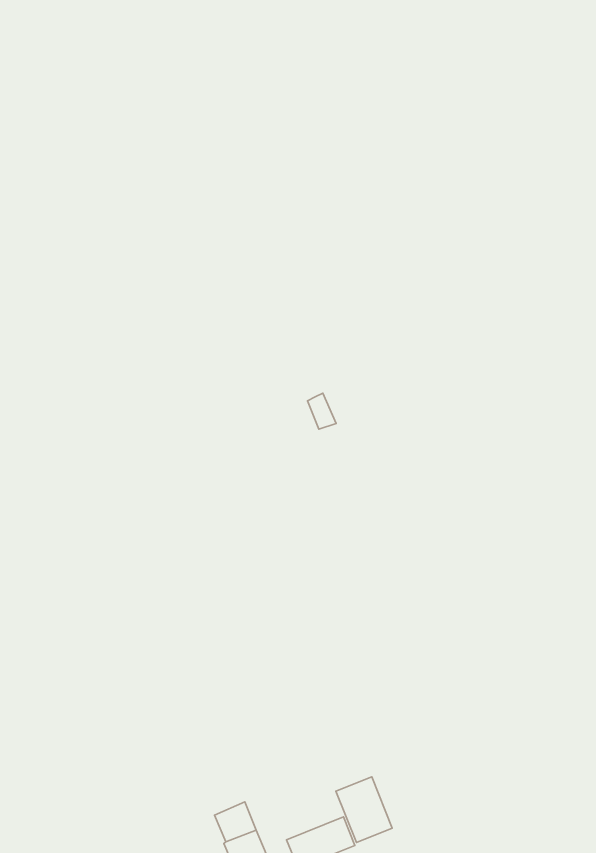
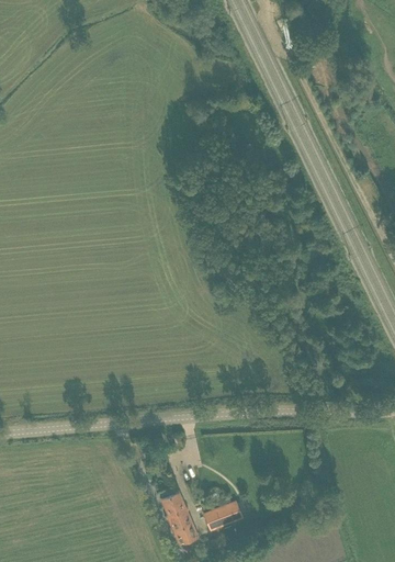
building: [336,777,392,842] -> none

